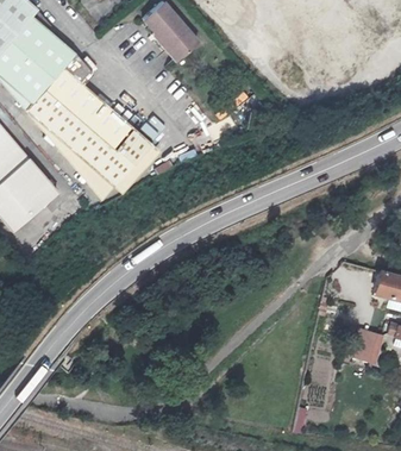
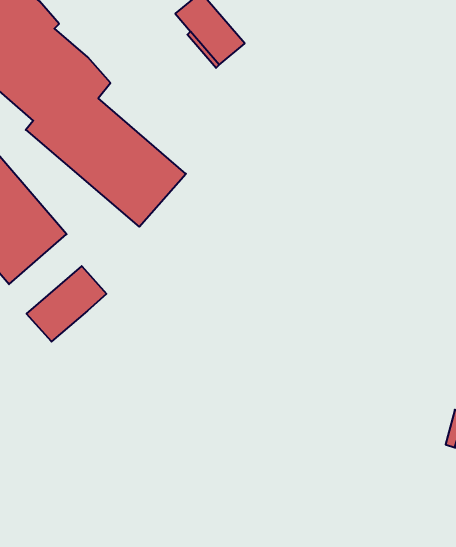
building: none -> [27,266,106,342]

